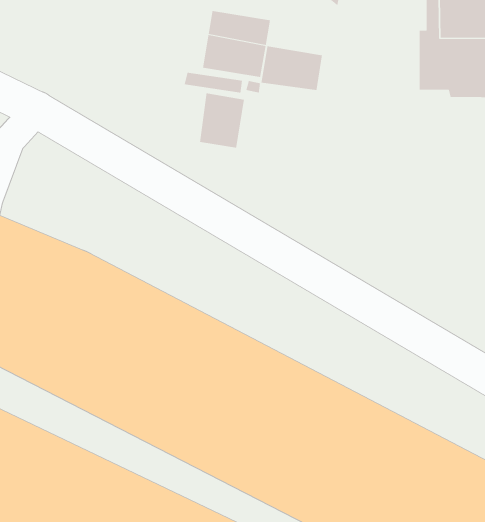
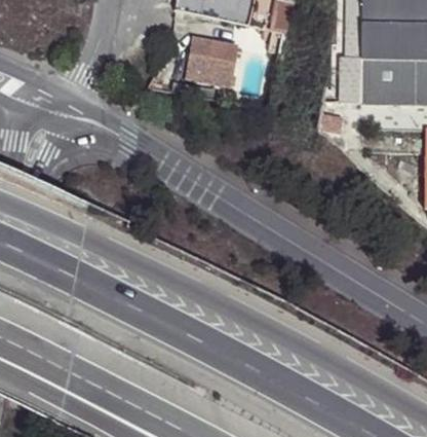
building: [261,45,323,91] -> none
building: [199,93,245,149] -> none

